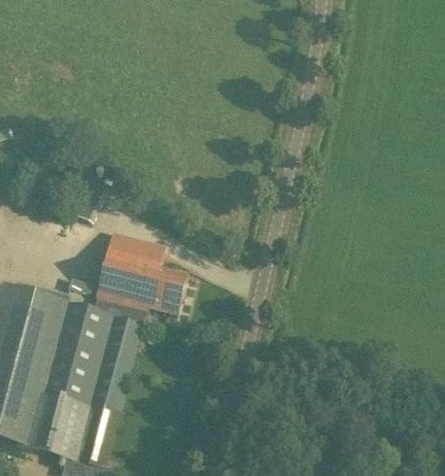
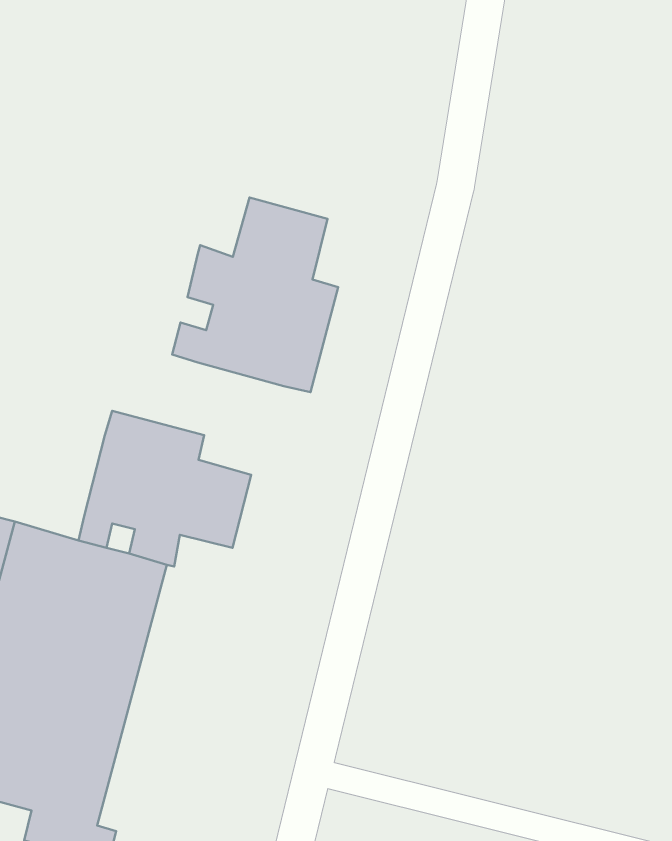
building: none -> [172,197,338,392]

